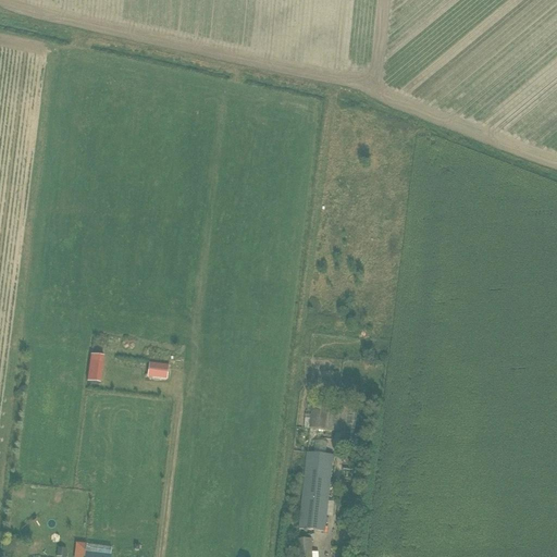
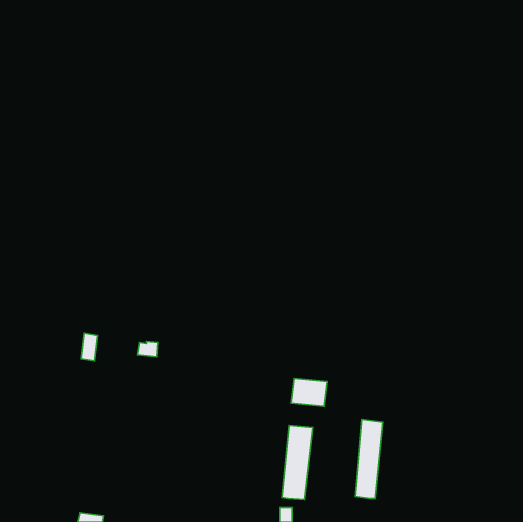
building: none -> [355,420,383,499]

